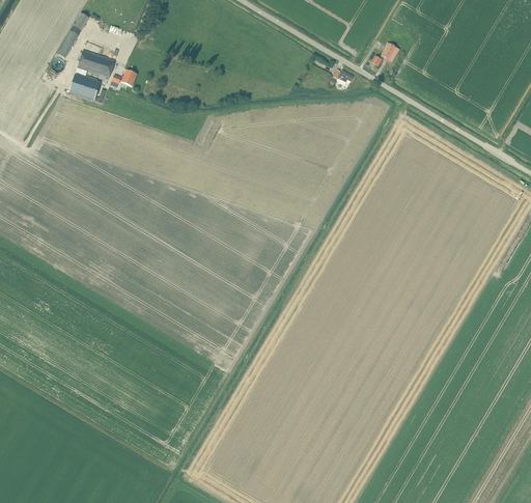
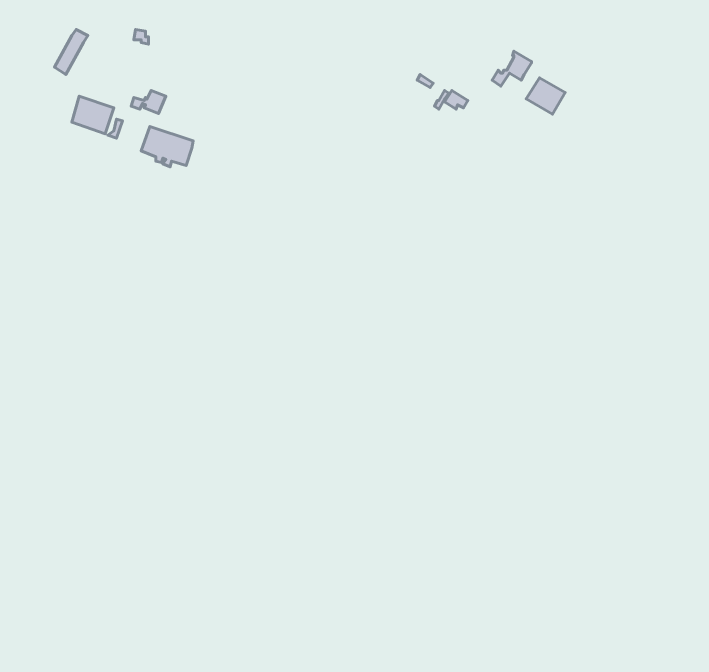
building: [76,50,113,79] -> [141,126,193,167]
building: none -> [526,78,565,114]

